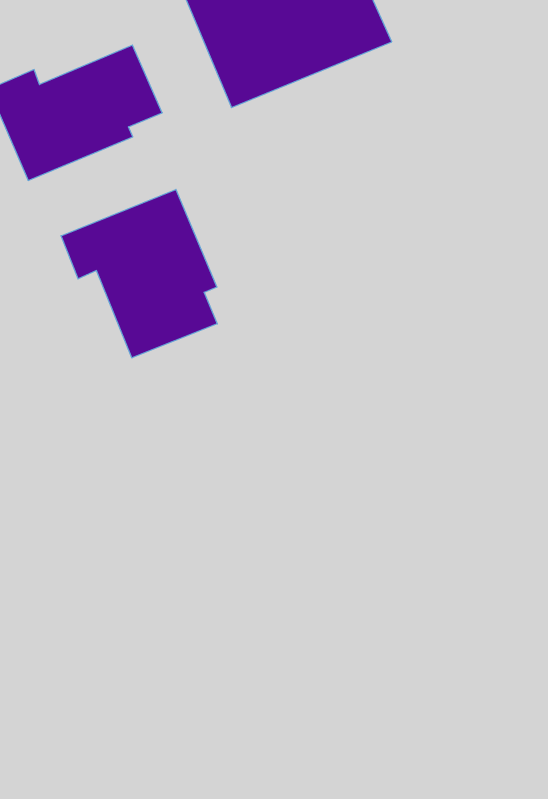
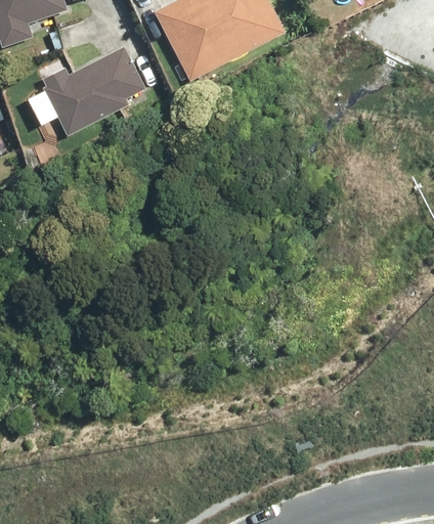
building: [61,189,217,358] -> none

